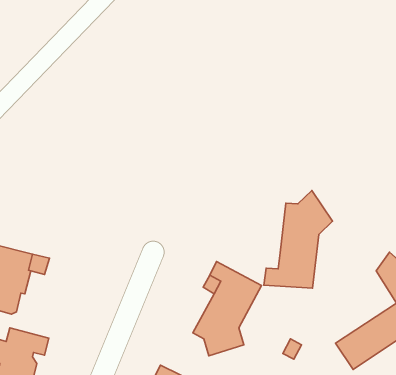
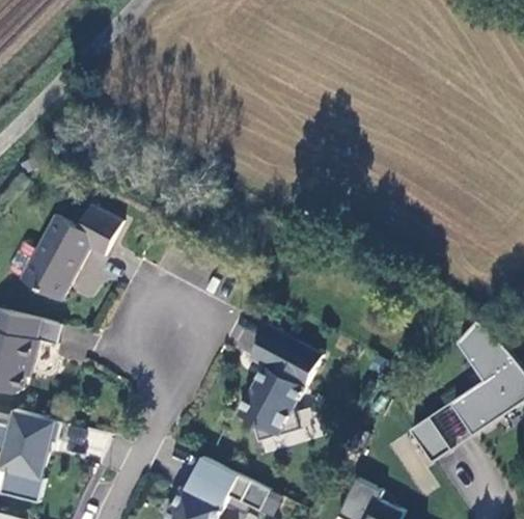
building: none -> [21,204,123,300]
building: [264,191,333,288] -> none

